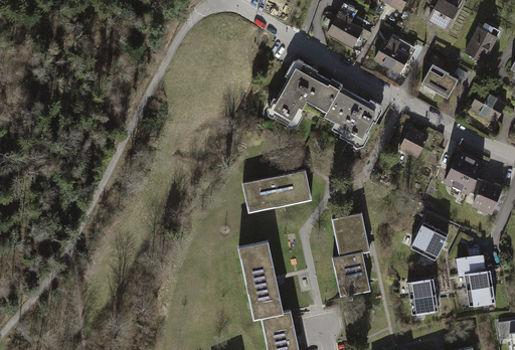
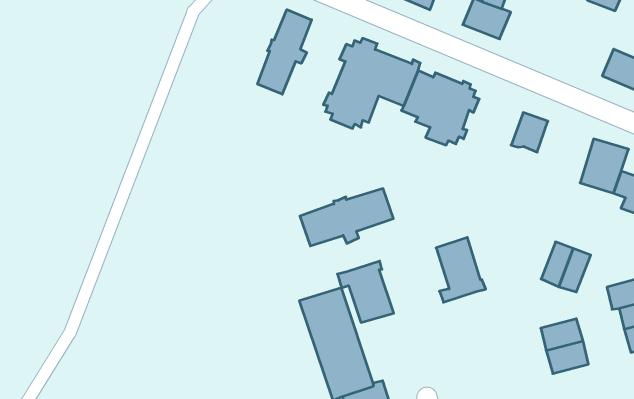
building: none -> [258,10,312,94]
building: [420,66,458,101] -> none
building: [332,252,369,295] -> [337,261,394,322]

